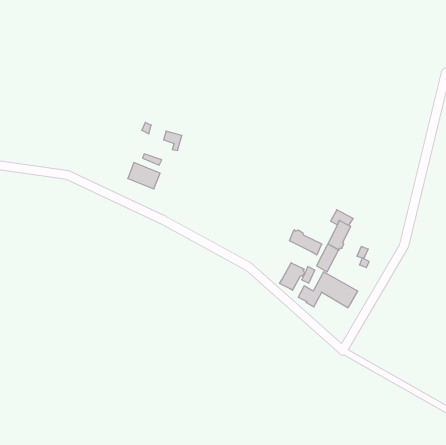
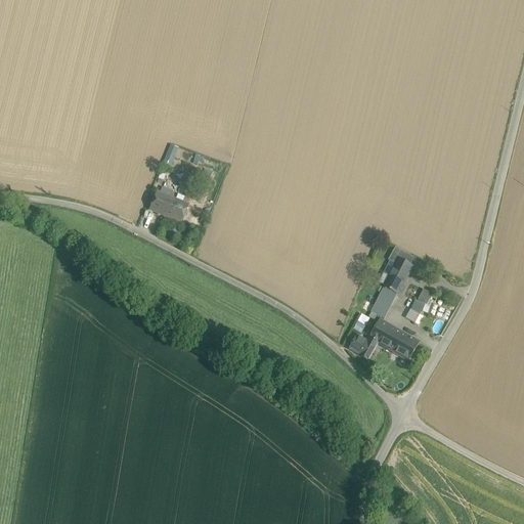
building: [290,230,322,255] -> none
building: [280,263,305,290] -> none

